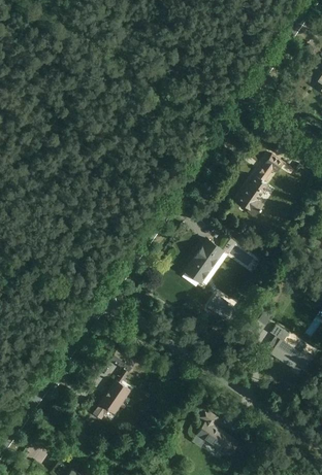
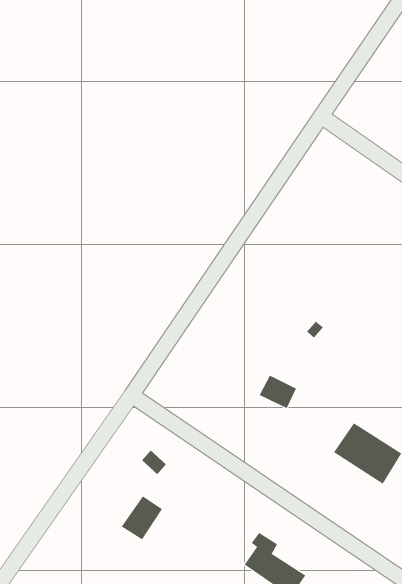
building: [236,156,284,217] -> none
building: [184,239,225,285] -> none

